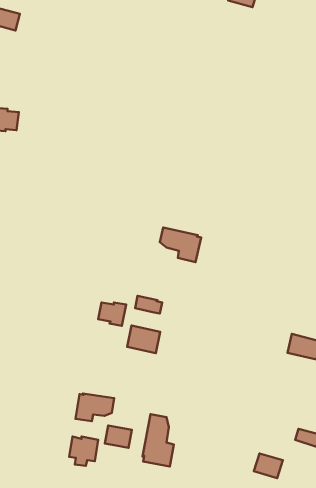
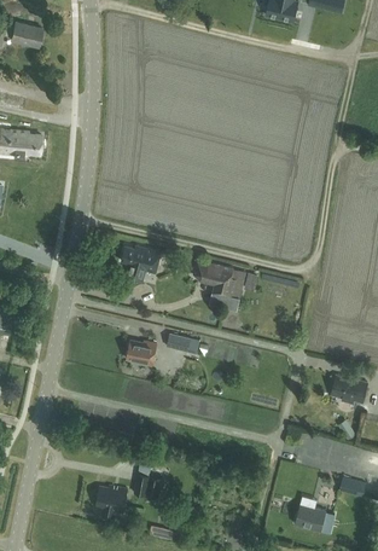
building: none -> [121,245,165,280]
building: [127,326,160,353] -> none
building: [75,393,114,421] -> none
building: [142,414,174,466] -> none

